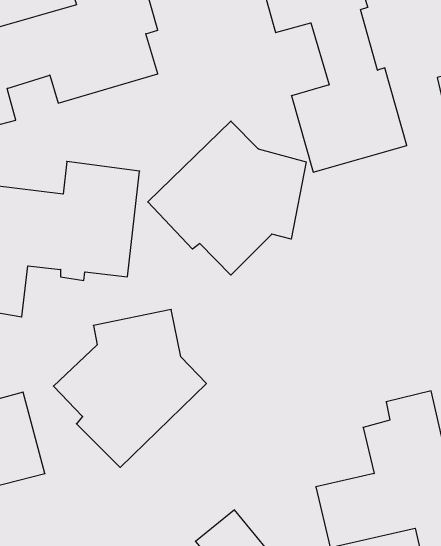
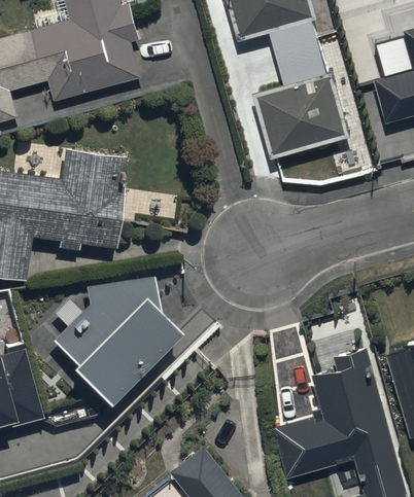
building: [148,121,306,275] -> none

